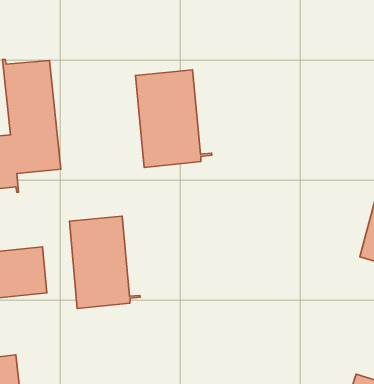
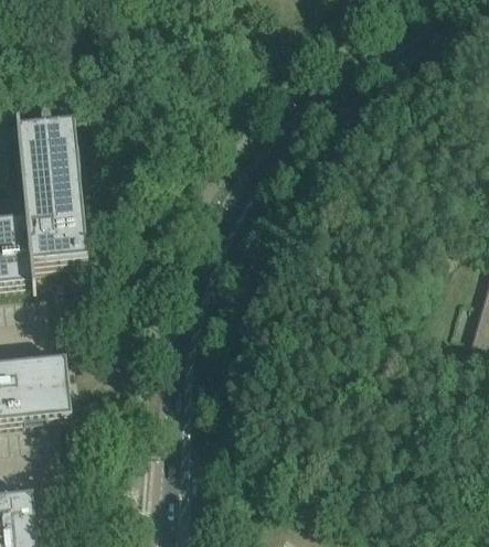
building: [136,70,212,167] -> none
building: [69,216,140,308] -> none

